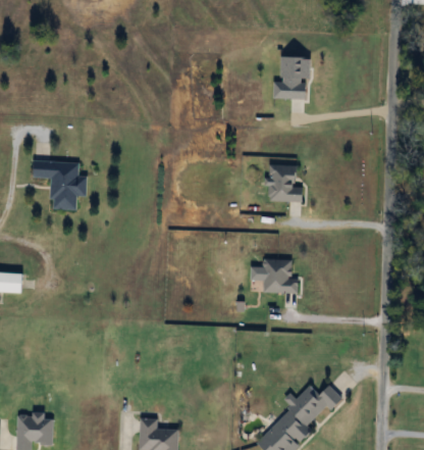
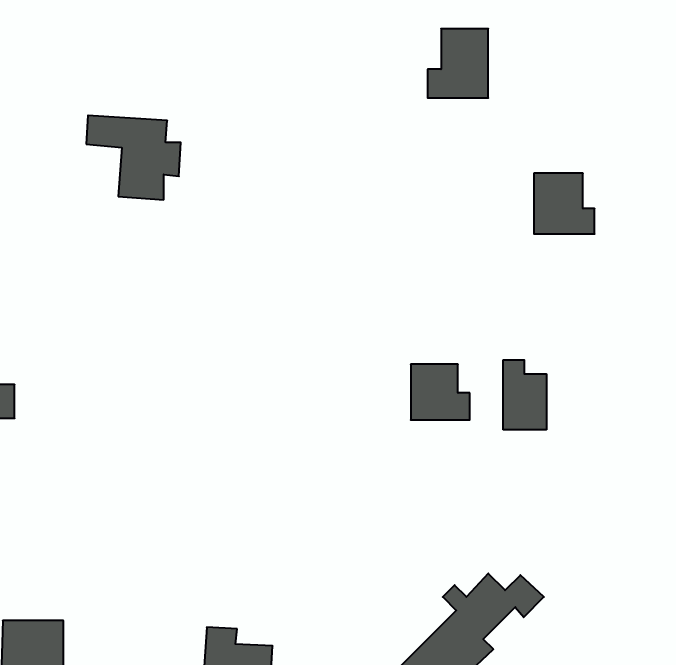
building: [30,159,87,210] -> [86,115,181,200]
building: [267,164,304,201] -> [534,173,595,234]
building: none -> [503,360,546,430]

